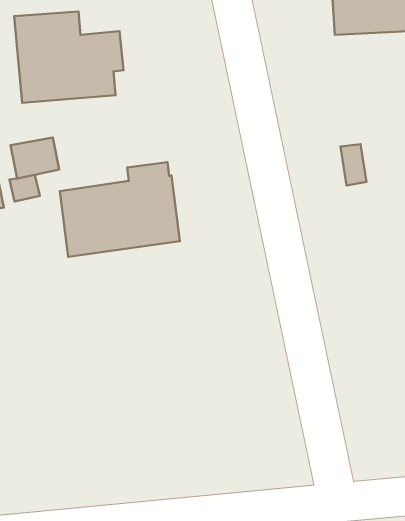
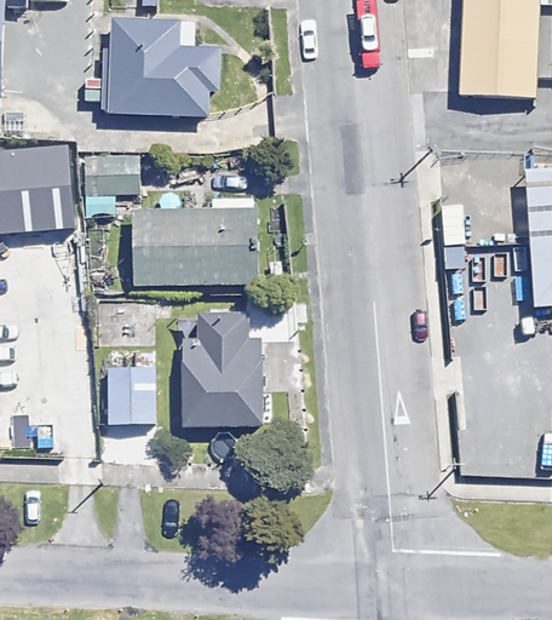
building: none -> [183,315,264,429]
building: none -> [108,368,155,424]

